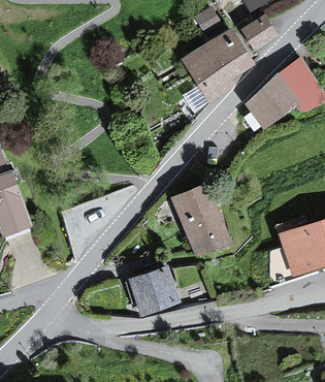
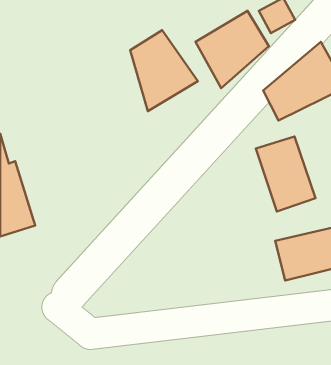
building: none -> [130,30,198,111]
building: [173,184,229,254] -> [256,136,315,212]
building: [129,267,174,313] -> none

